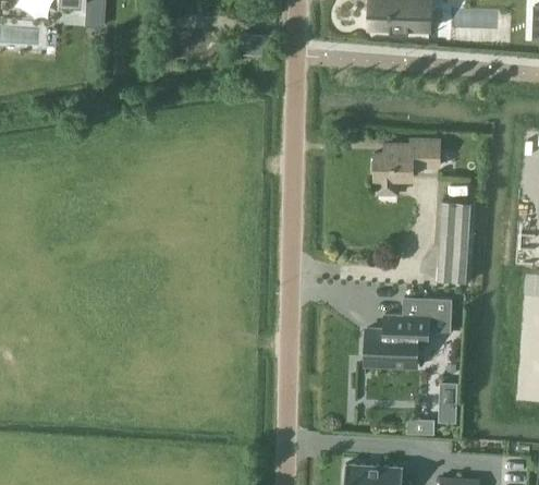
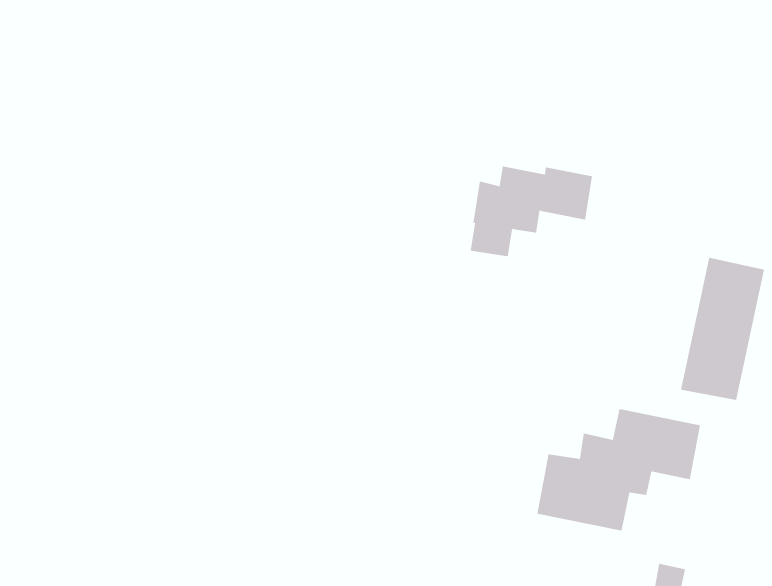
building: [375,138,440,194] -> [470,166,593,257]

